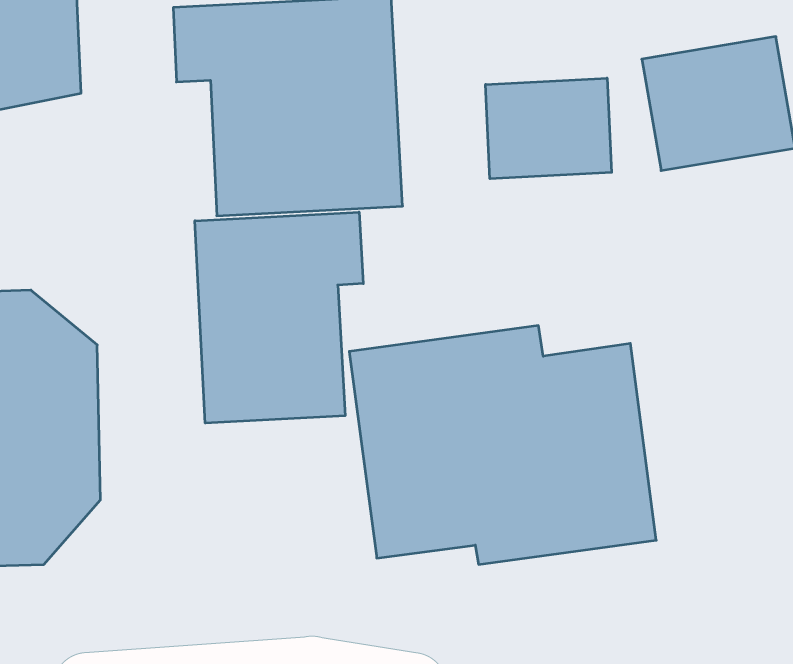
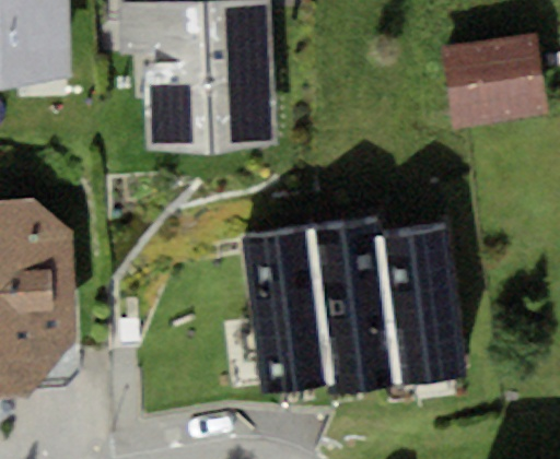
building: [486,78,612,179] -> none
building: [195,212,363,423] -> none

